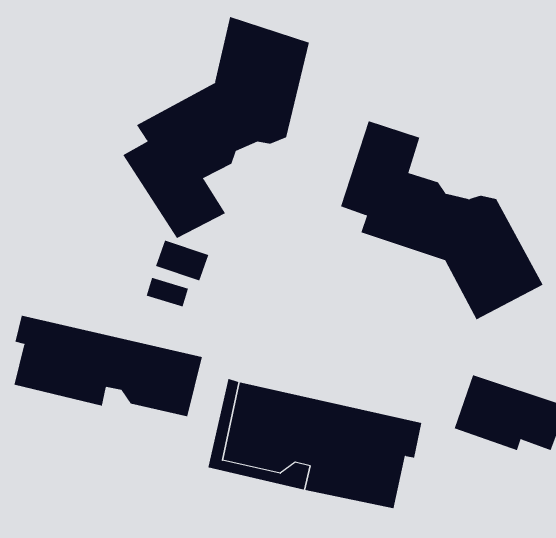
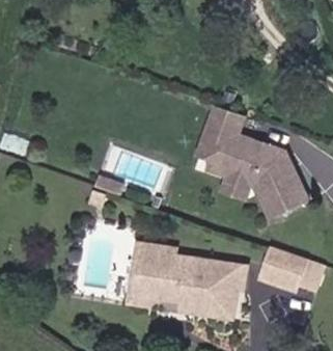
building: [123,16,309,239] -> none
building: [14,315,202,417] -> none

